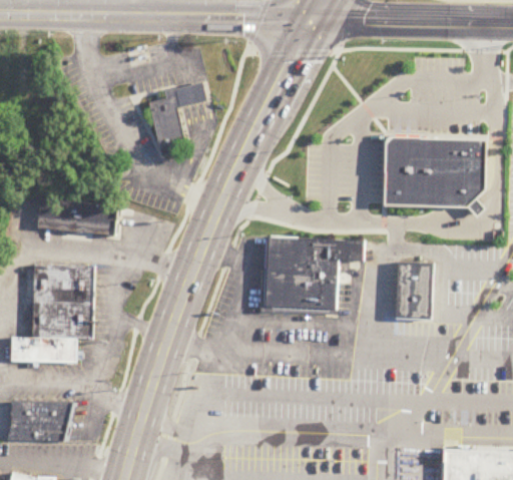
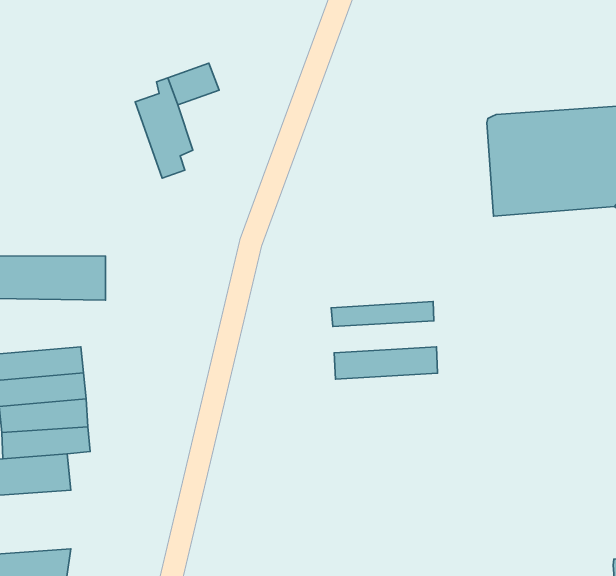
building: [267,237,363,262] -> none
building: [395,263,432,320] -> none
building: [266,271,336,292] -> none

